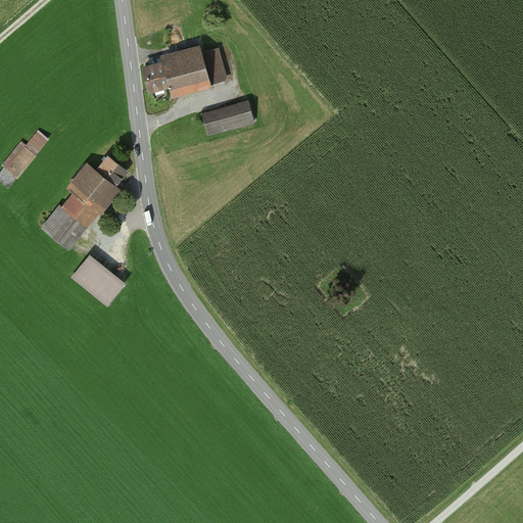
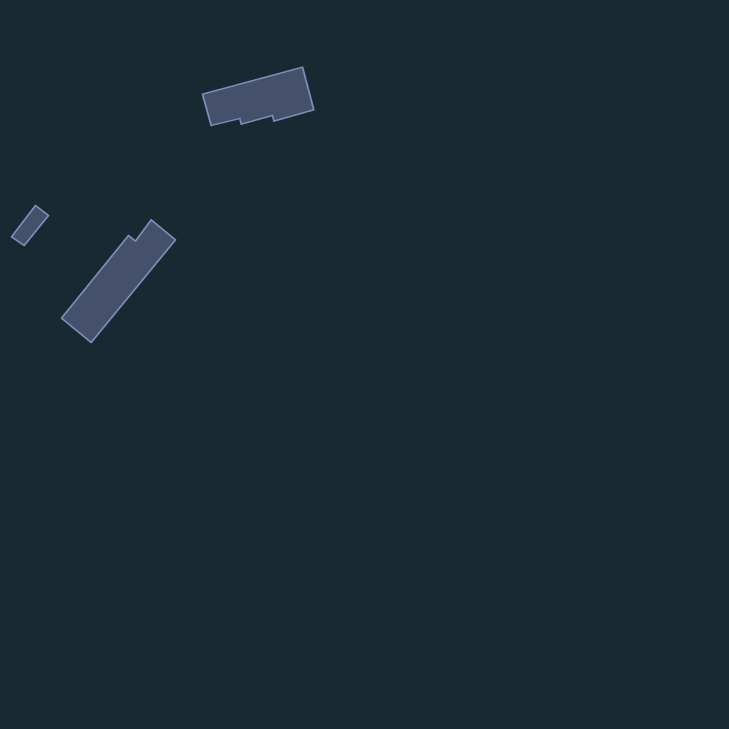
building: [204,101,252,129] -> none
building: [74,256,124,304] -> none

